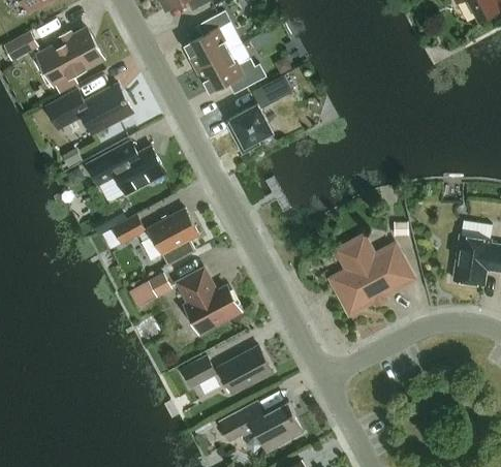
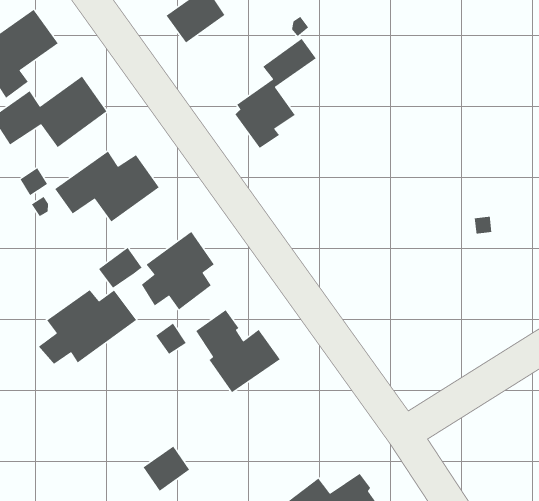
building: [196,51,265,91] -> none
building: [332,237,411,312] -> none
building: none -> [38,289,137,365]
building: [217,345,272,394] -> none
building: [181,355,216,388] -> [143,446,190,492]

